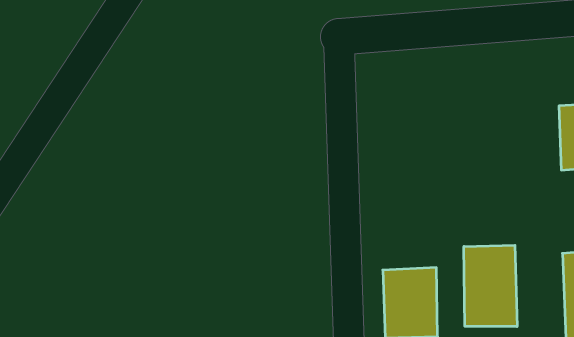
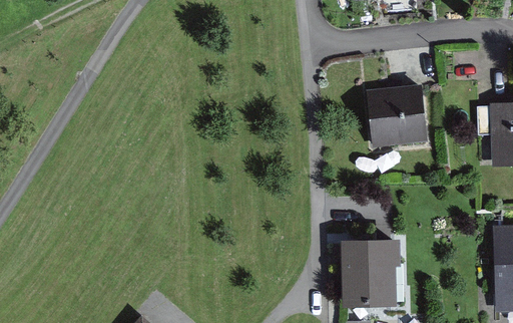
building: none -> [372,90,421,139]
building: [464,245,517,327] -> none

